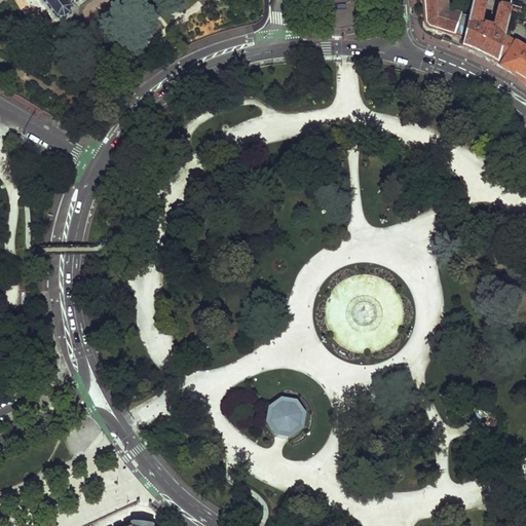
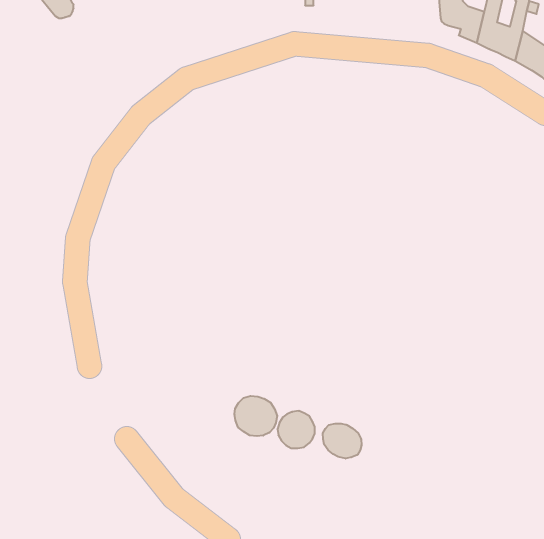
building: none -> [235,396,277,436]
building: none -> [323,424,361,459]

